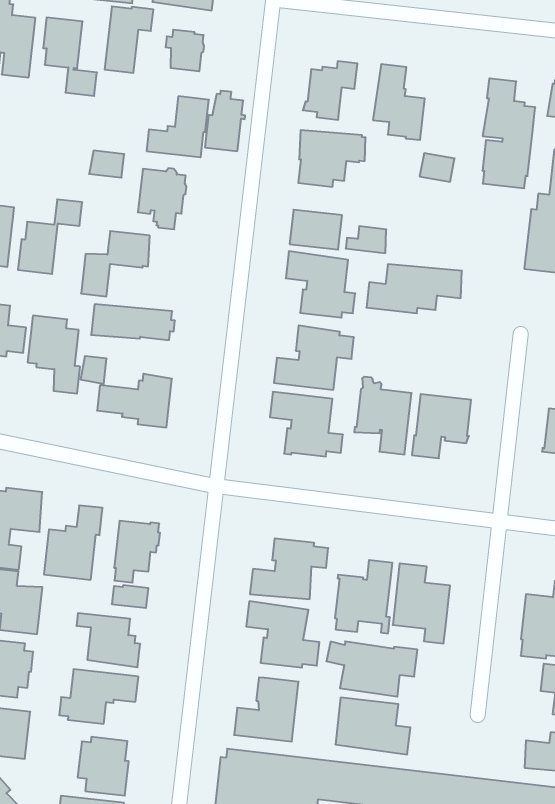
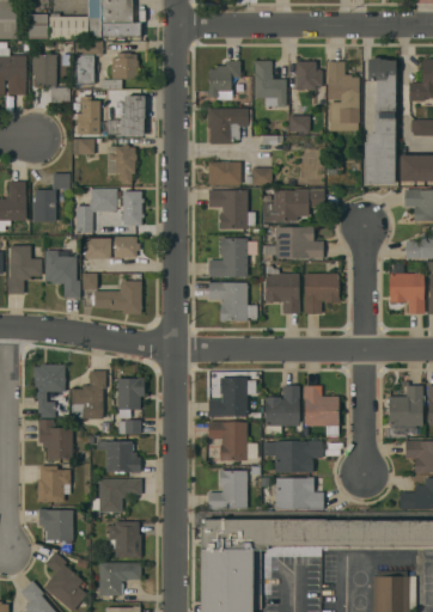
building: none -> [294,60,322,88]
building: [205,91,245,151] -> [78,96,102,134]
building: none -> [122,190,142,225]
building: none -> [264,226,323,258]

